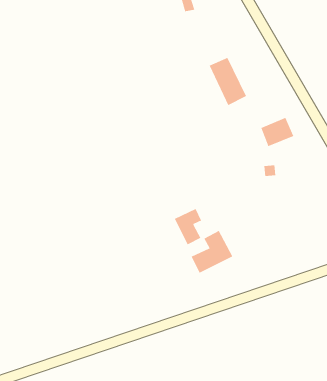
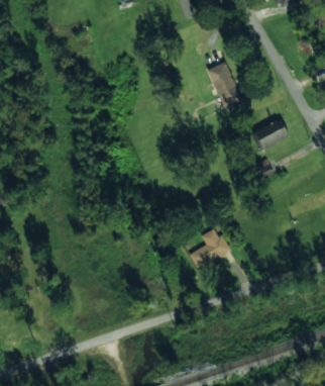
building: [174,208,202,245] -> none

